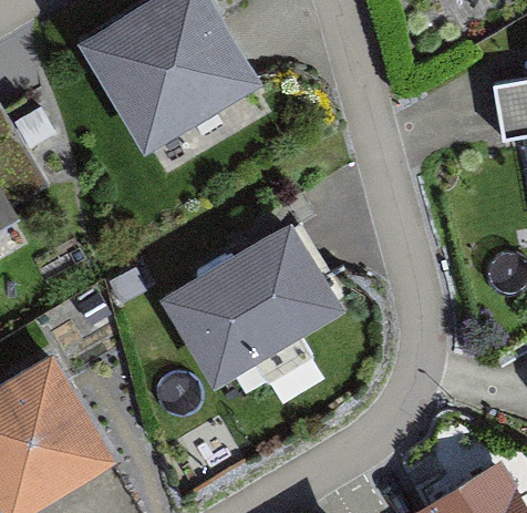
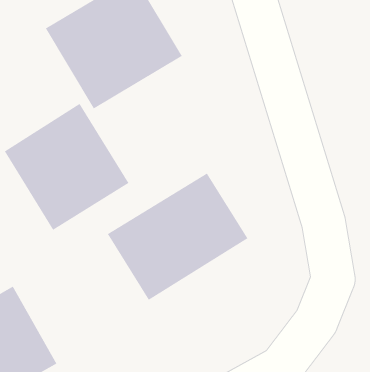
building: none -> [4,103,130,231]

